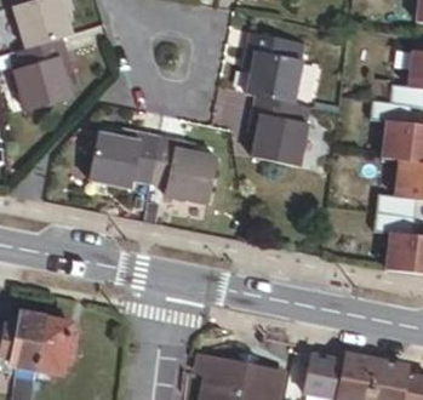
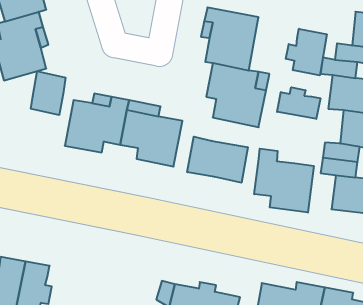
building: none -> [286,29,327,75]
building: none -> [31,71,66,115]
building: none -> [277,87,320,119]
building: none -> [187,137,248,183]
building: none -> [254,149,314,213]

